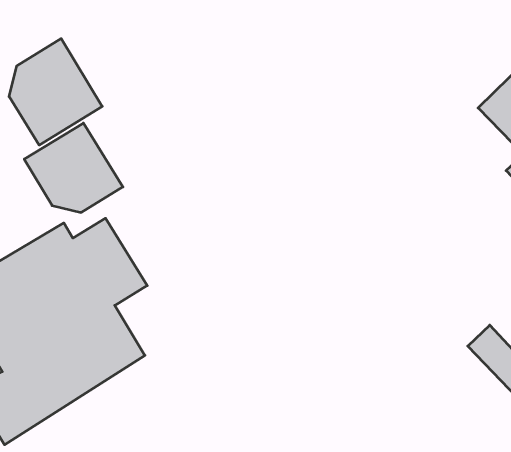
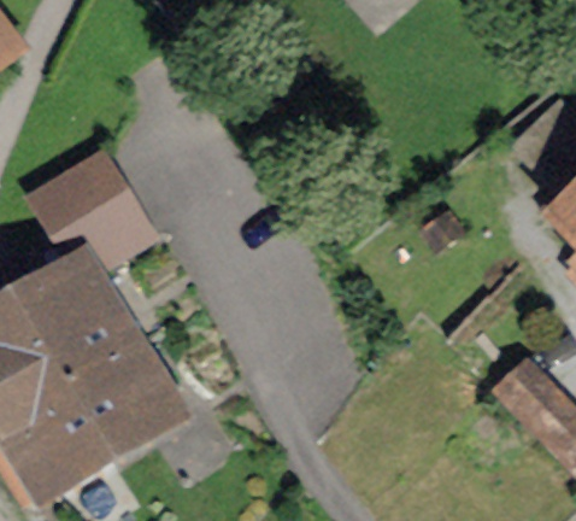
building: [9,39,102,145] -> none

